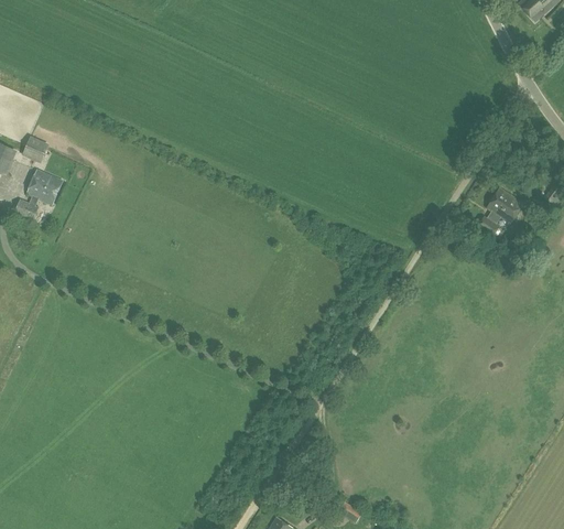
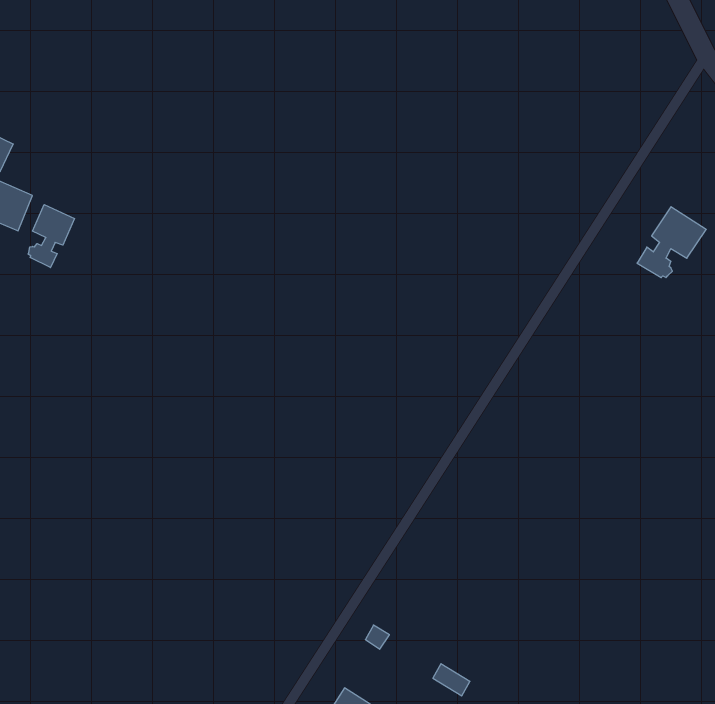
building: none -> [28,205,74,268]

